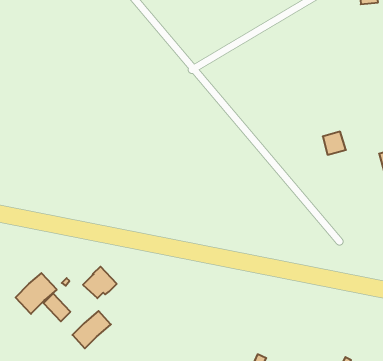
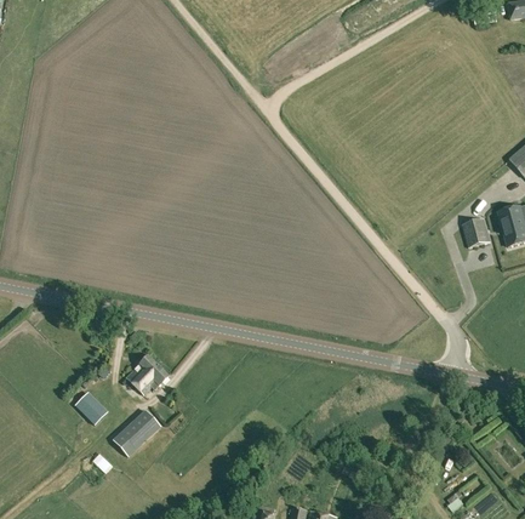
building: [323,132,346,155] -> [462,218,491,247]
building: [16,273,57,314] -> none

